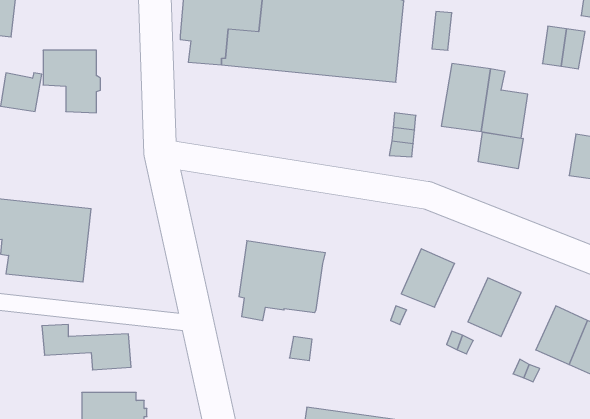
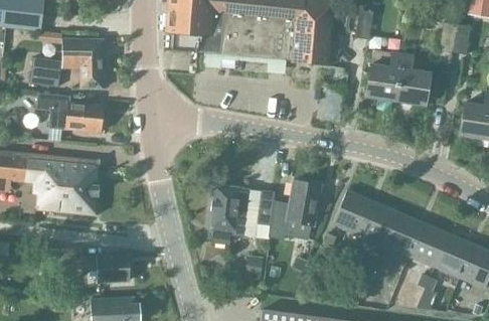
building: none -> [36,94,104,132]
building: [478,132,523,169] -> none
building: none -> [269,179,322,239]
building: none -> [358,201,398,246]
building: none -> [409,223,450,267]

